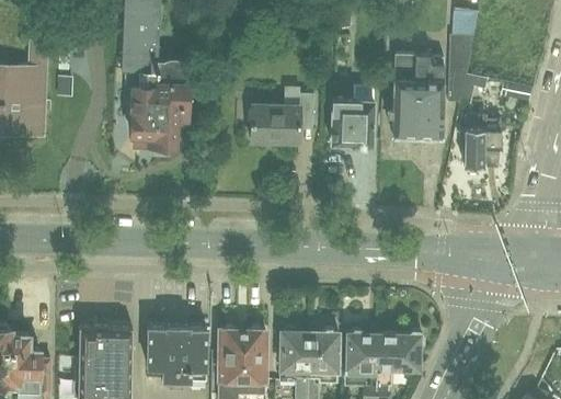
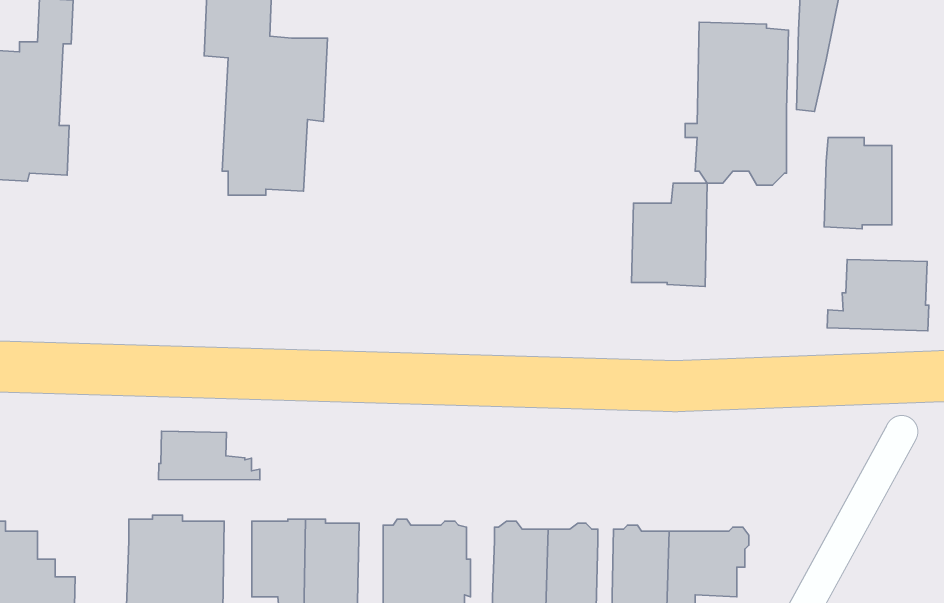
building: [331,87,373,144] -> [632,183,707,287]
building: [250,88,301,140] -> none
building: none -> [827,260,929,331]
building: none -> [159,431,260,480]

